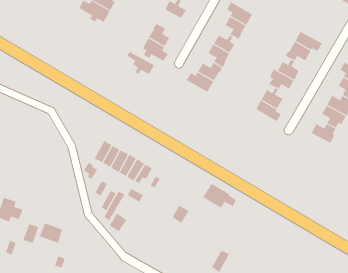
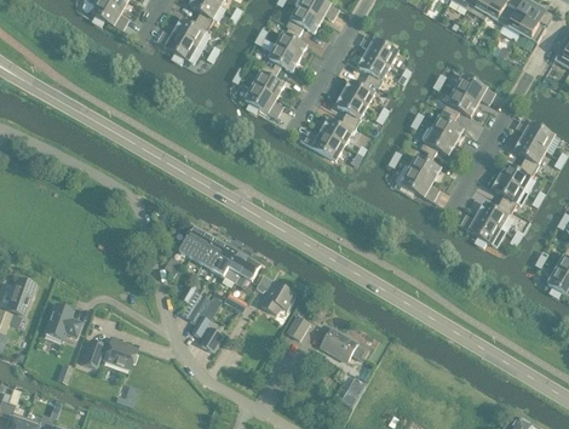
building: [127,51,155,75] -> [260,38,299,70]
building: none -> [455,214,505,245]
building: none -> [260,280,294,313]
building: [202,183,237,209] -> [320,326,367,361]

